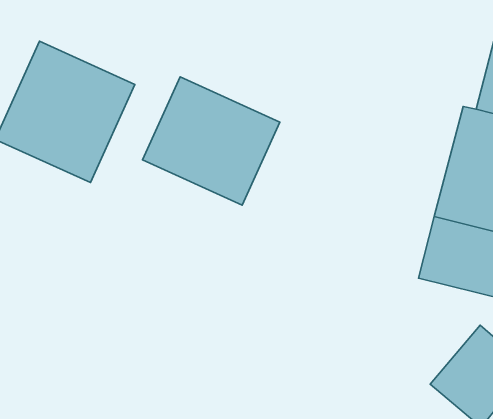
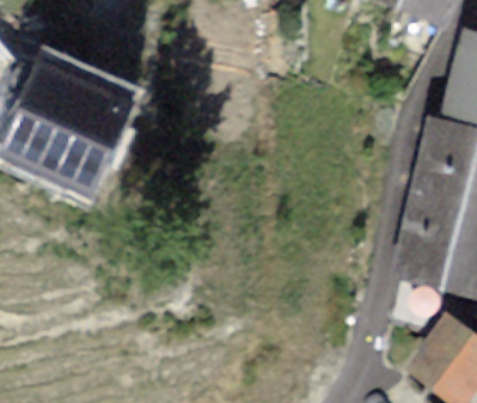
building: [143,77,280,205] -> none

